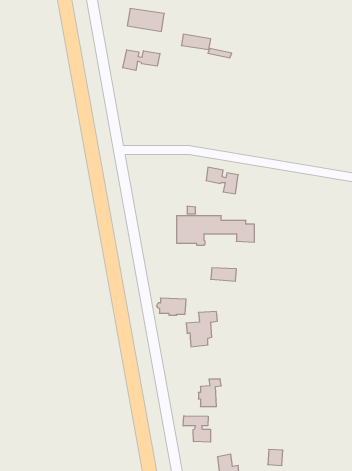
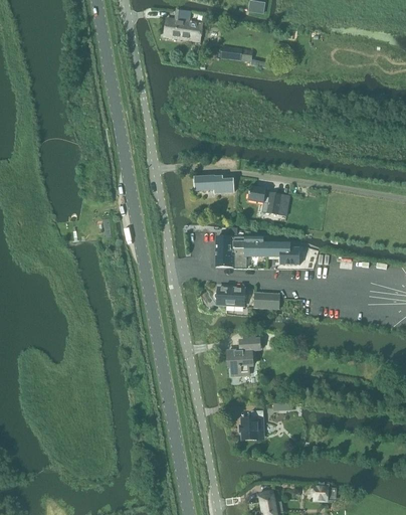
building: [123,50,160,70] -> none
building: none -> [195,175,234,192]
building: [157,298,186,315] -> [214,287,245,305]
building: [183,416,210,442] -> none

